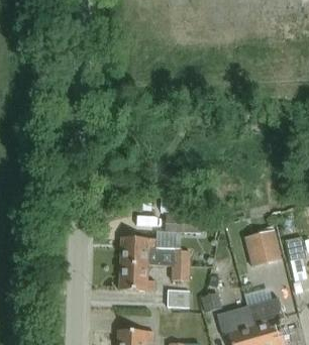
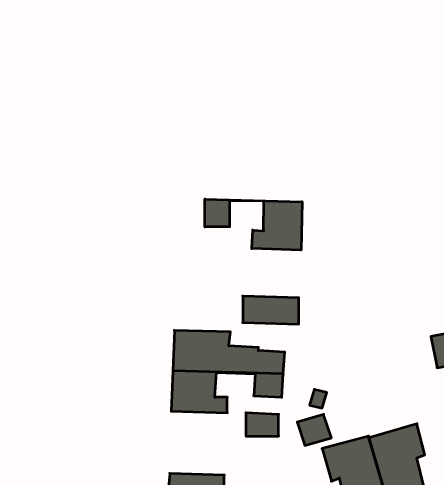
building: none -> [205,199,302,250]
building: [242,230,279,266] -> none

